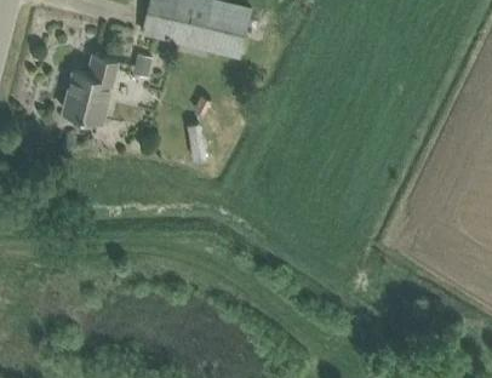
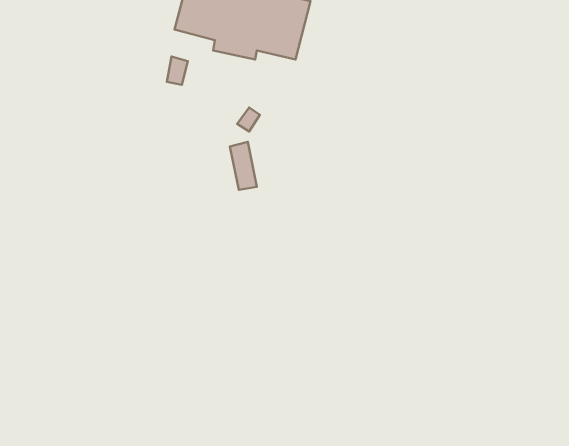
building: [63,56,116,121] -> none

